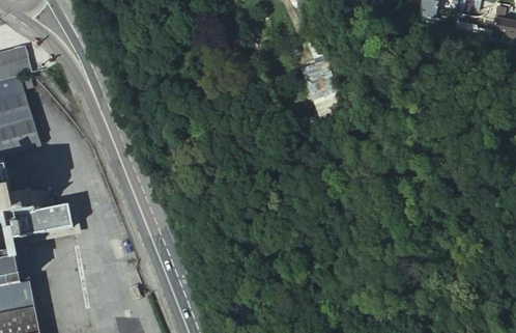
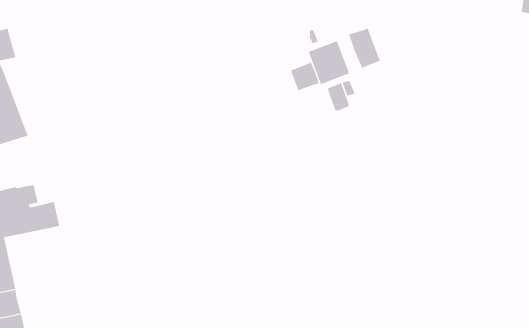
building: none -> [348,28,381,69]
building: none -> [290,62,320,91]

